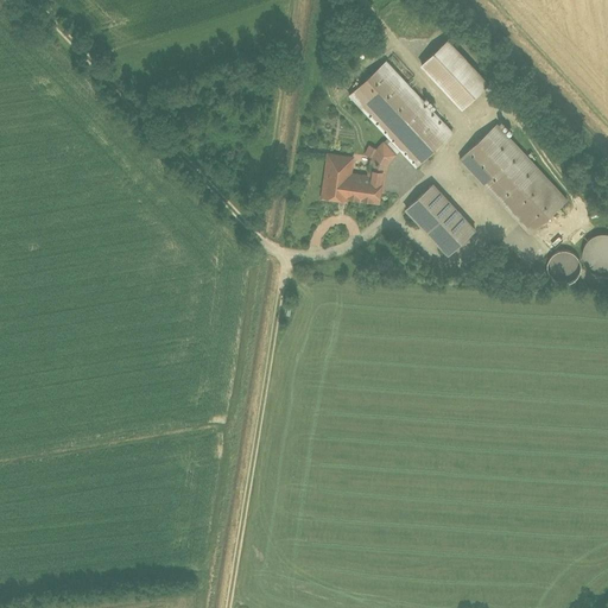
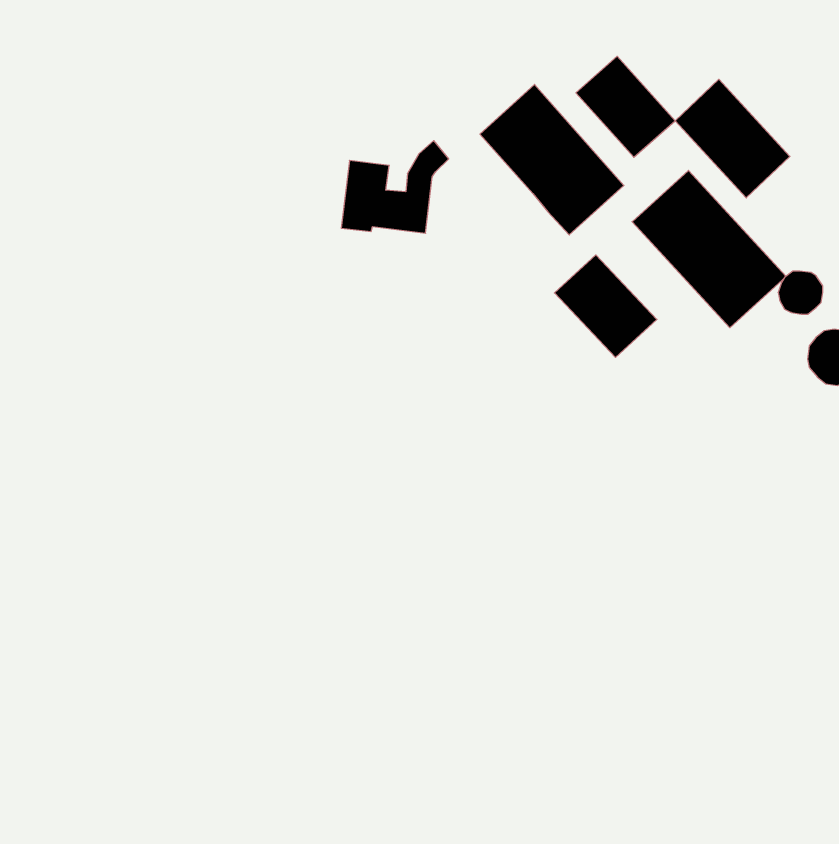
building: none -> [675,79,790,198]
building: [321,139,398,205] -> [341,141,449,233]
building: [549,253,581,284] -> [778,271,823,314]

